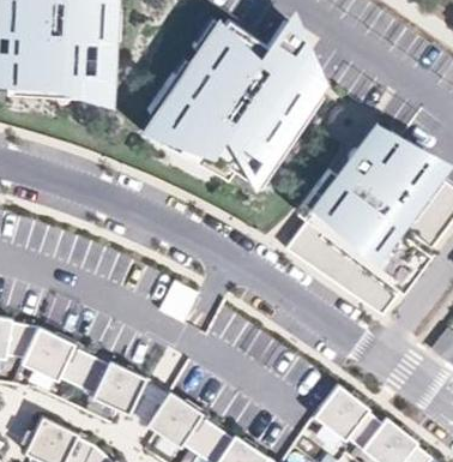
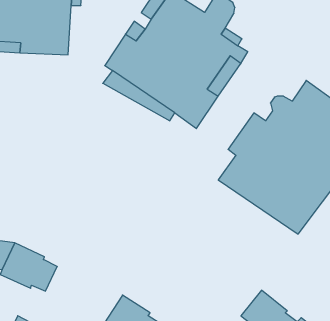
building: [76,355,146,415] -> none

